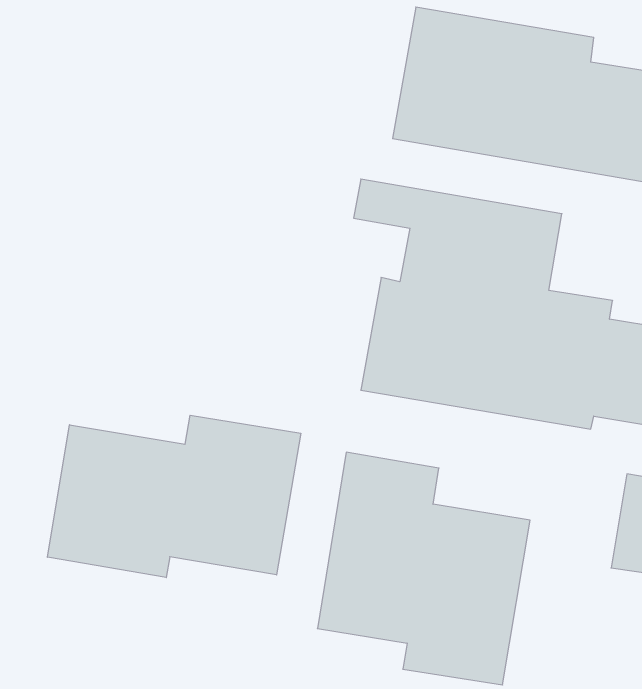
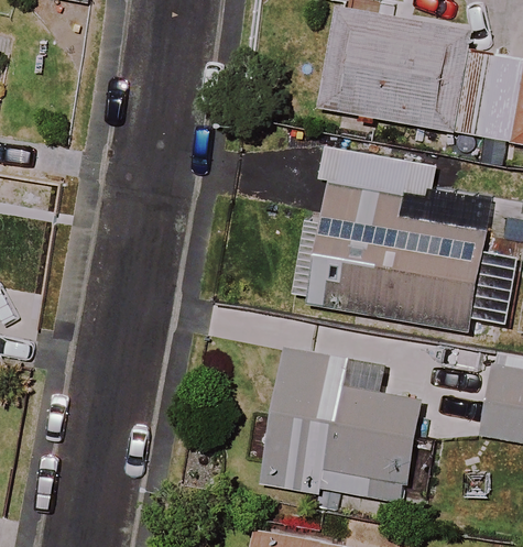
building: [47,415,301,578] -> none

